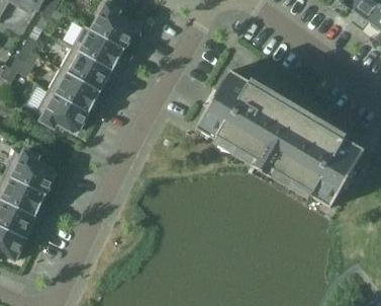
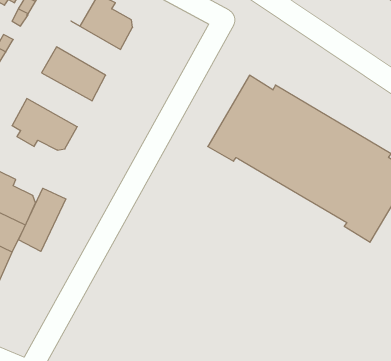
building: [72,25,124,70] -> none
building: [47,68,101,112] -> none
building: none -> [19,188,66,251]

